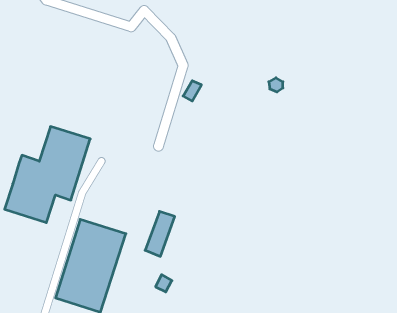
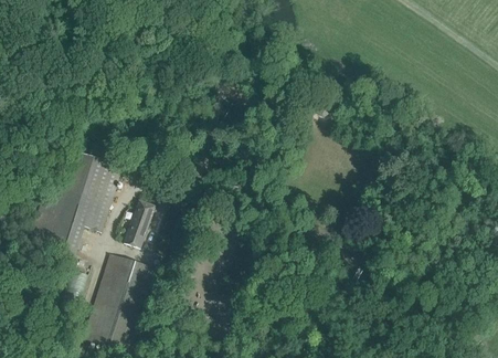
building: [145,211,175,256] -> [123,198,155,246]

